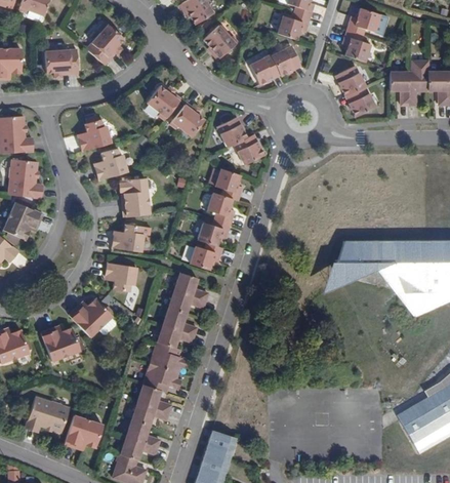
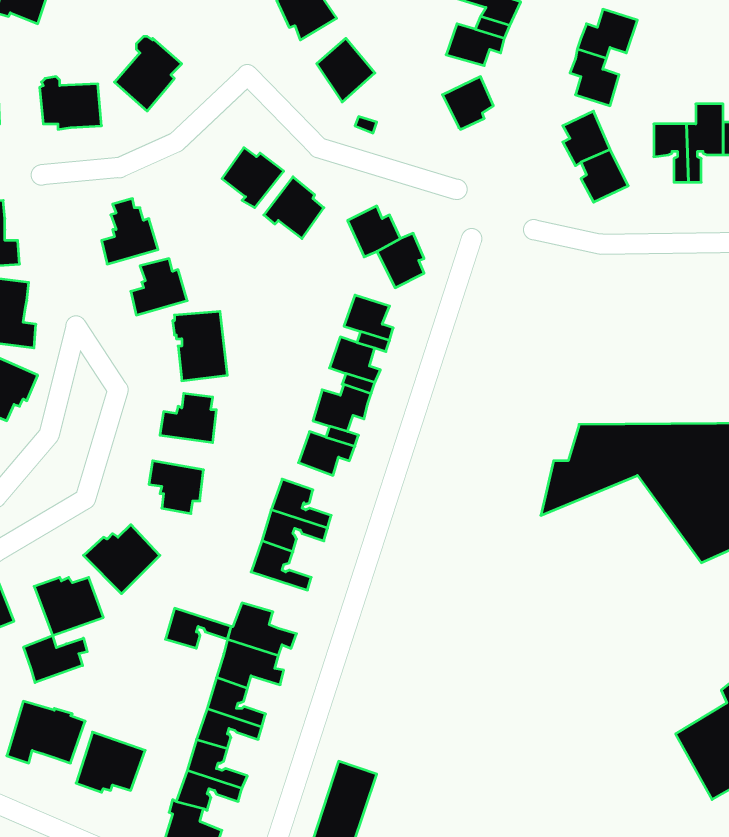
building: [250,54,280,81] -> none
building: [158,324,195,347] -> [165,608,231,648]
building: none -> [24,636,87,683]

